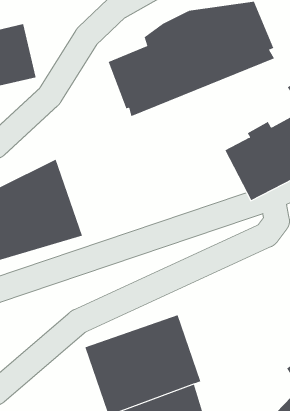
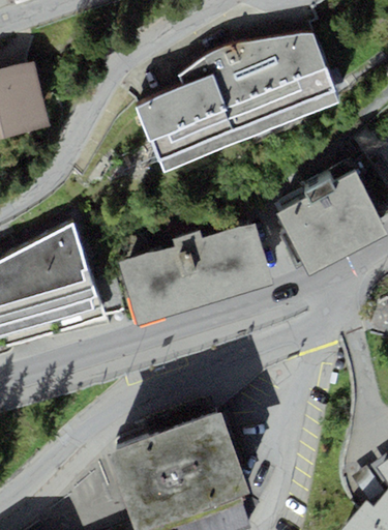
building: none -> [118,219,273,324]

